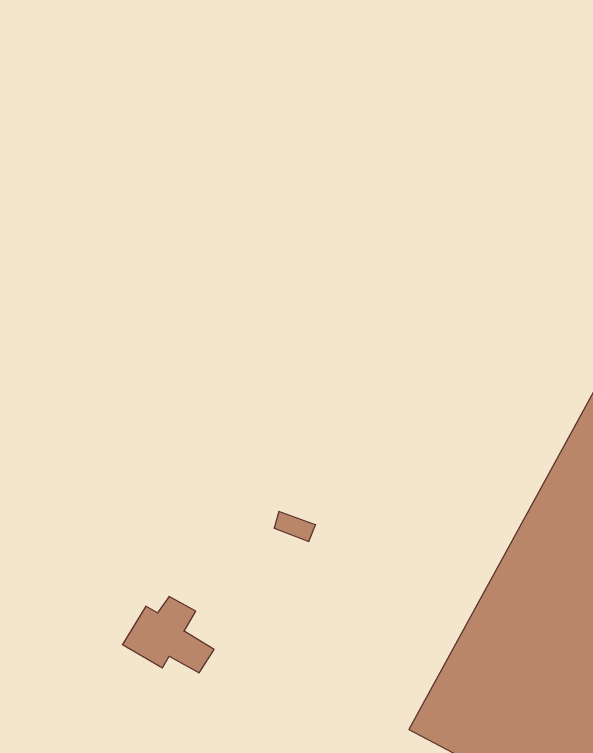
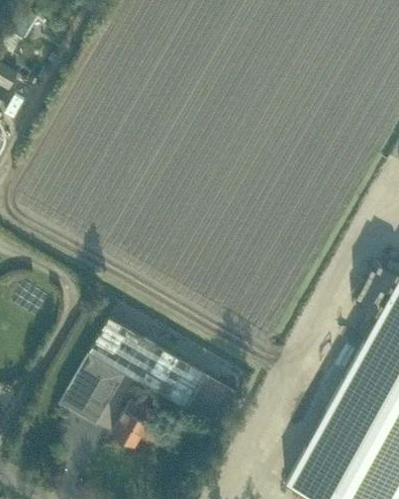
building: none -> [61,318,235,426]

